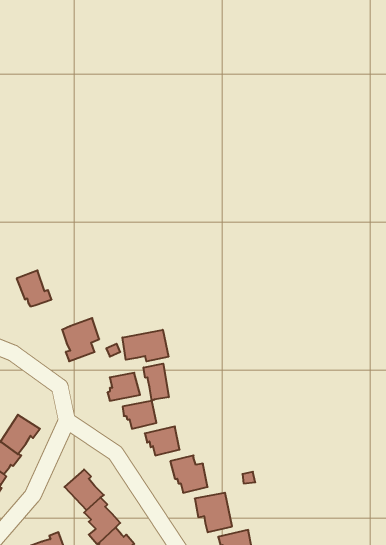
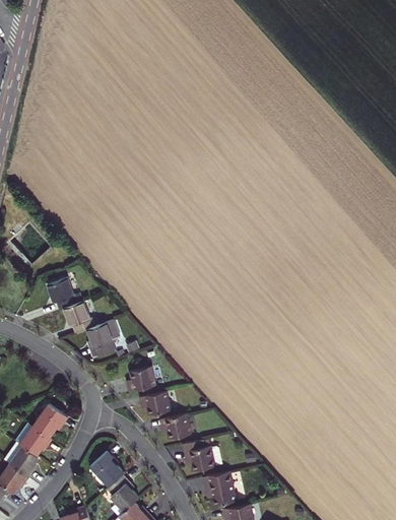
building: none -> [64,301,94,333]
building: [122,330,168,361] -> none
building: [144,364,169,401] -> none

